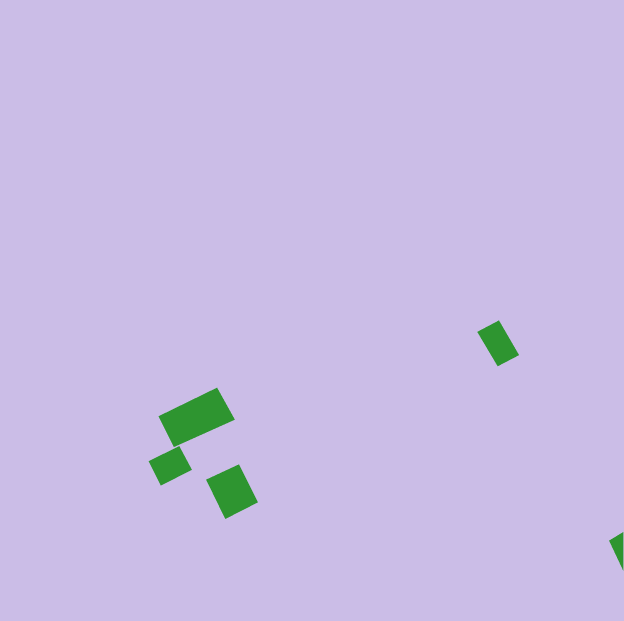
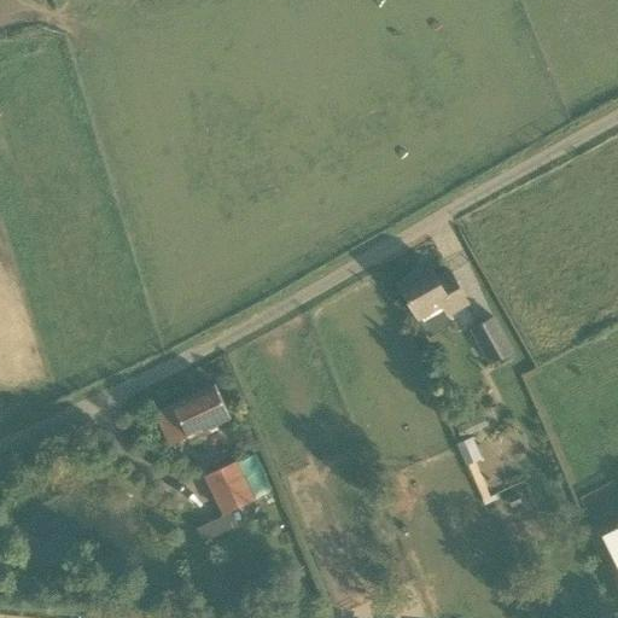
building: none -> [398,267,468,321]
building: [148,445,193,487] -> none

